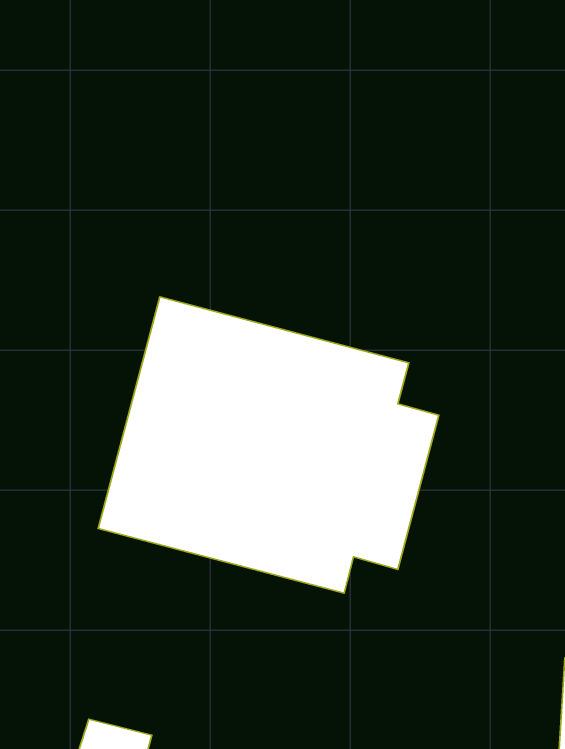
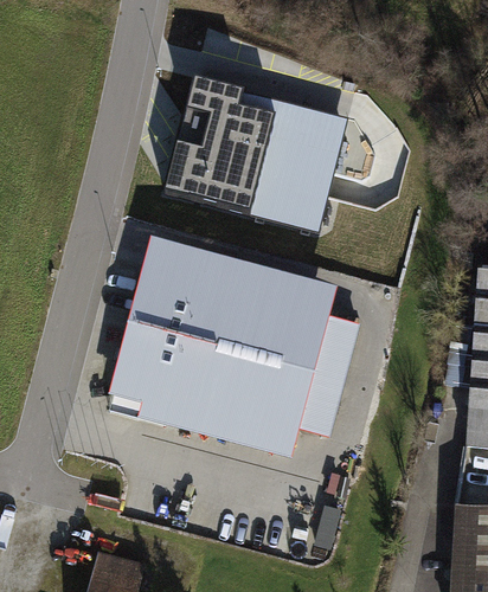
building: none -> [163,75,347,232]

